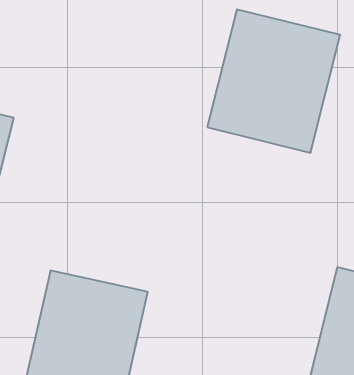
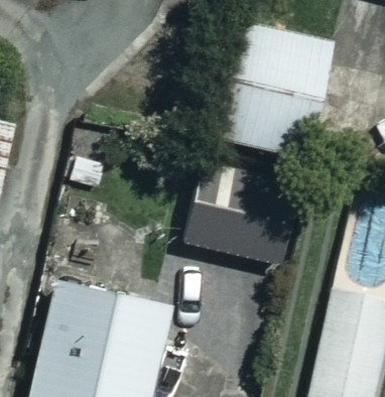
building: none -> [181,166,293,263]

